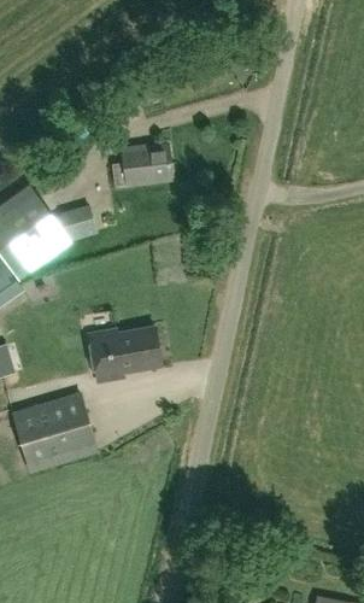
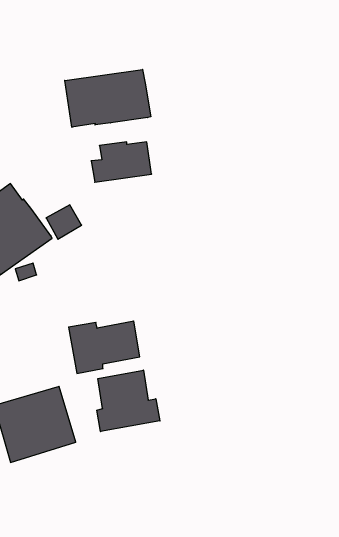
building: none -> [65,69,151,127]
building: none -> [97,370,160,432]

